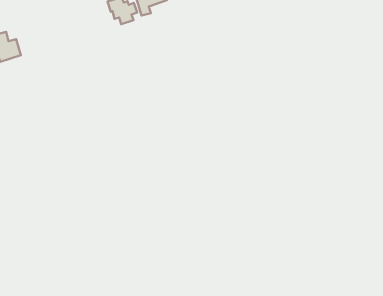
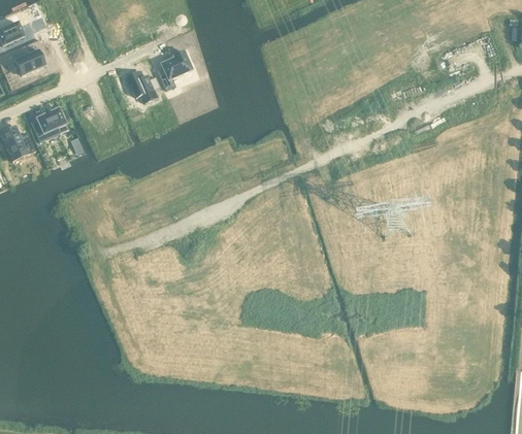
building: none -> [31,106,66,140]

